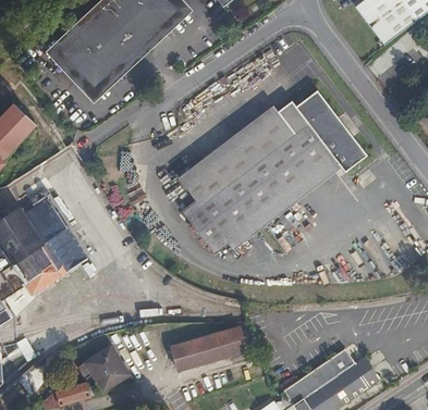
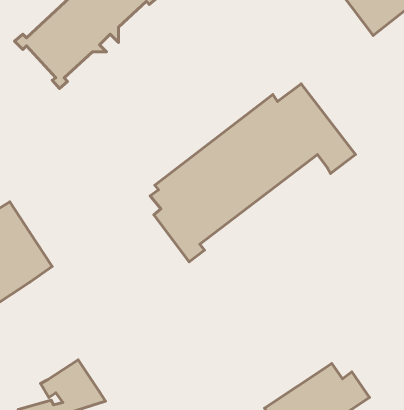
building: [223,156,341,250] -> none
building: [170,326,246,371] -> none

